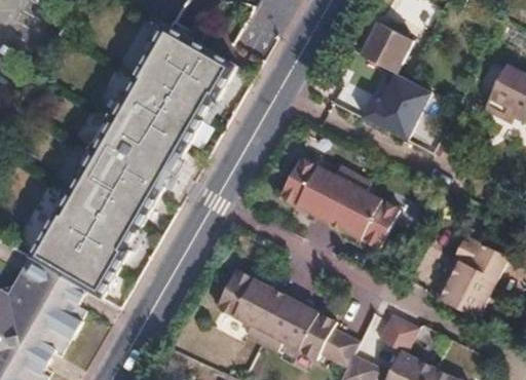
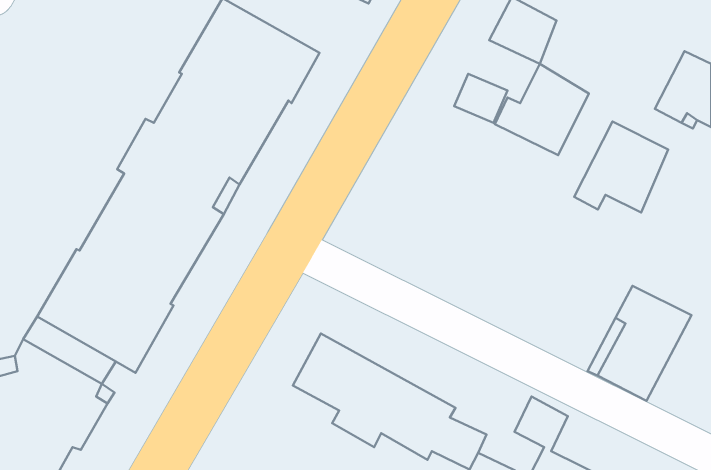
building: none -> [574,122,668,213]
building: [274,155,394,248] -> none

